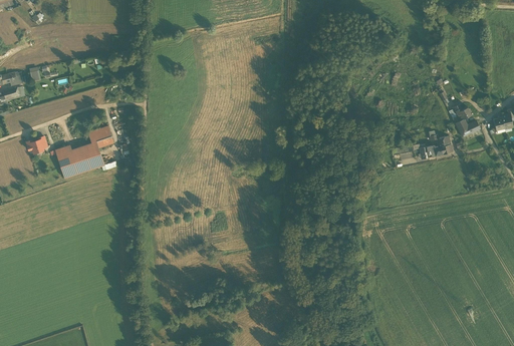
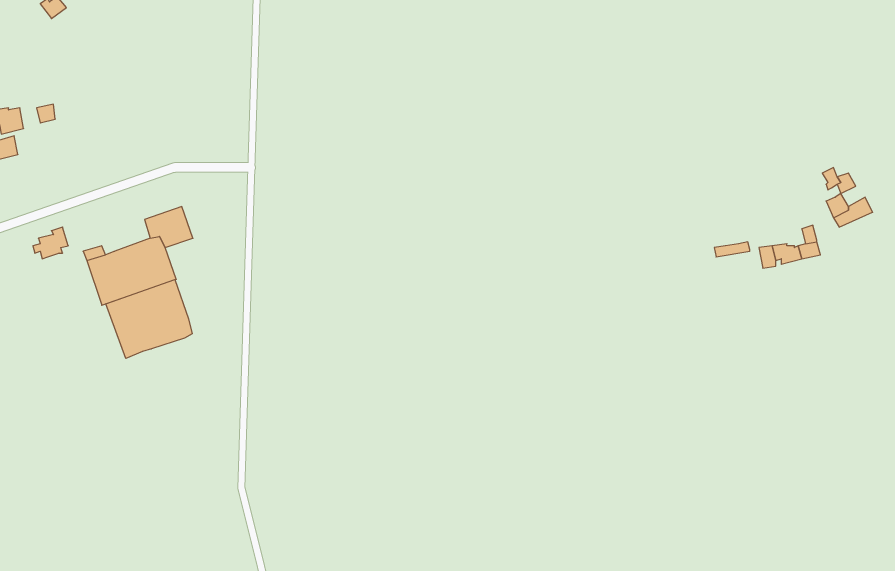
building: none -> [106,280,192,358]

